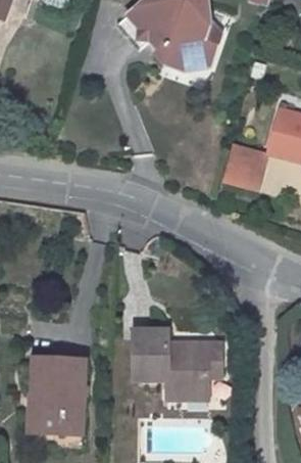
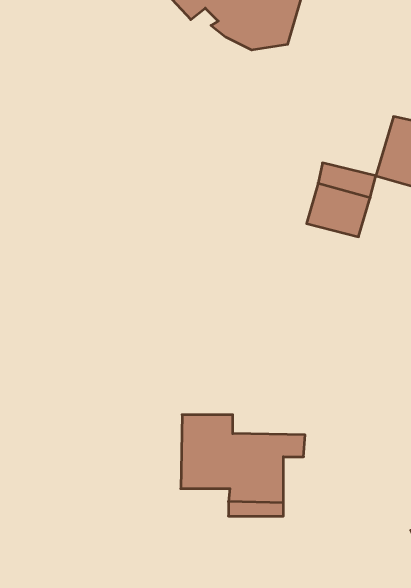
building: [31,357,83,427] -> none

